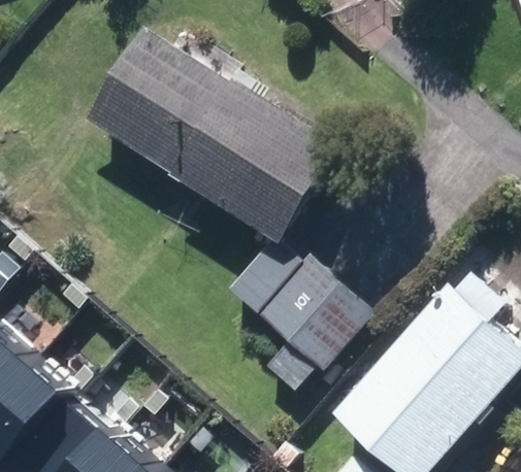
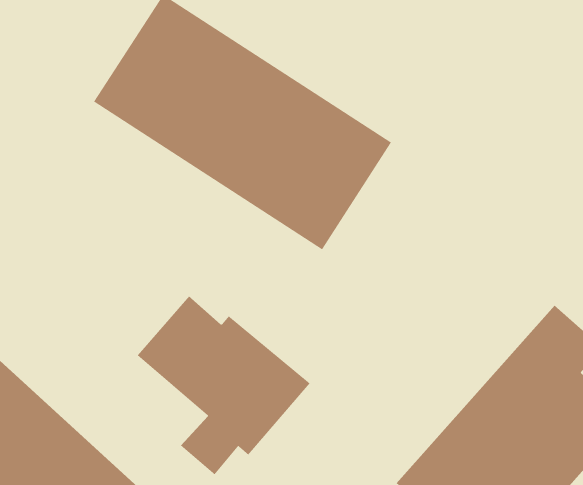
building: [230,246,375,396] -> [137,296,310,475]

